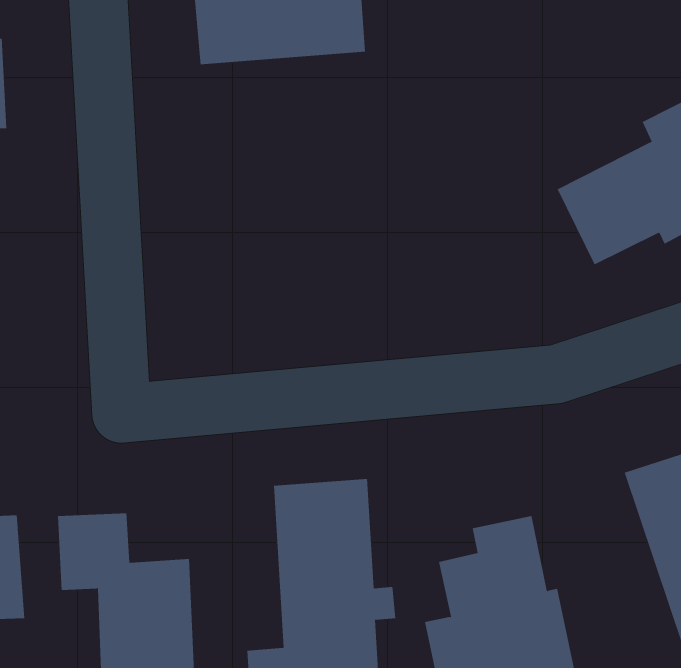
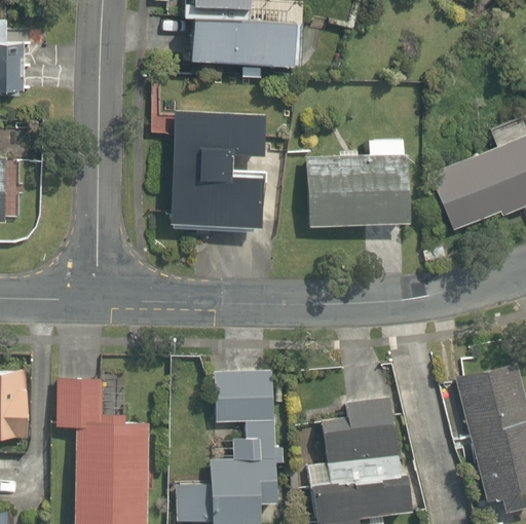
building: none -> [170,107,266,229]
building: none -> [309,141,410,227]

